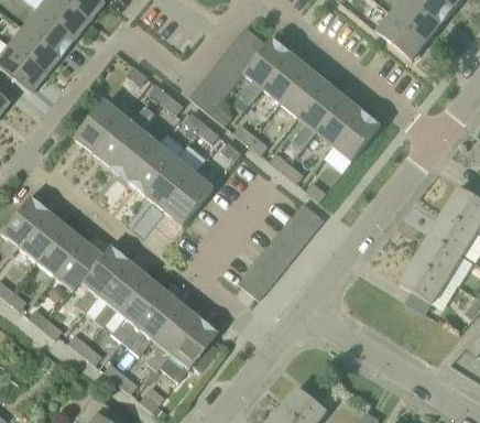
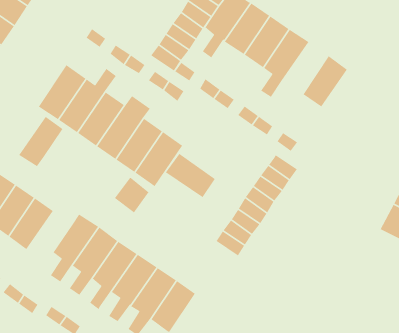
building: [316,96,363,147] -> none
building: none -> [165,153,216,198]
building: [54,241,100,291] -> [18,116,64,167]

